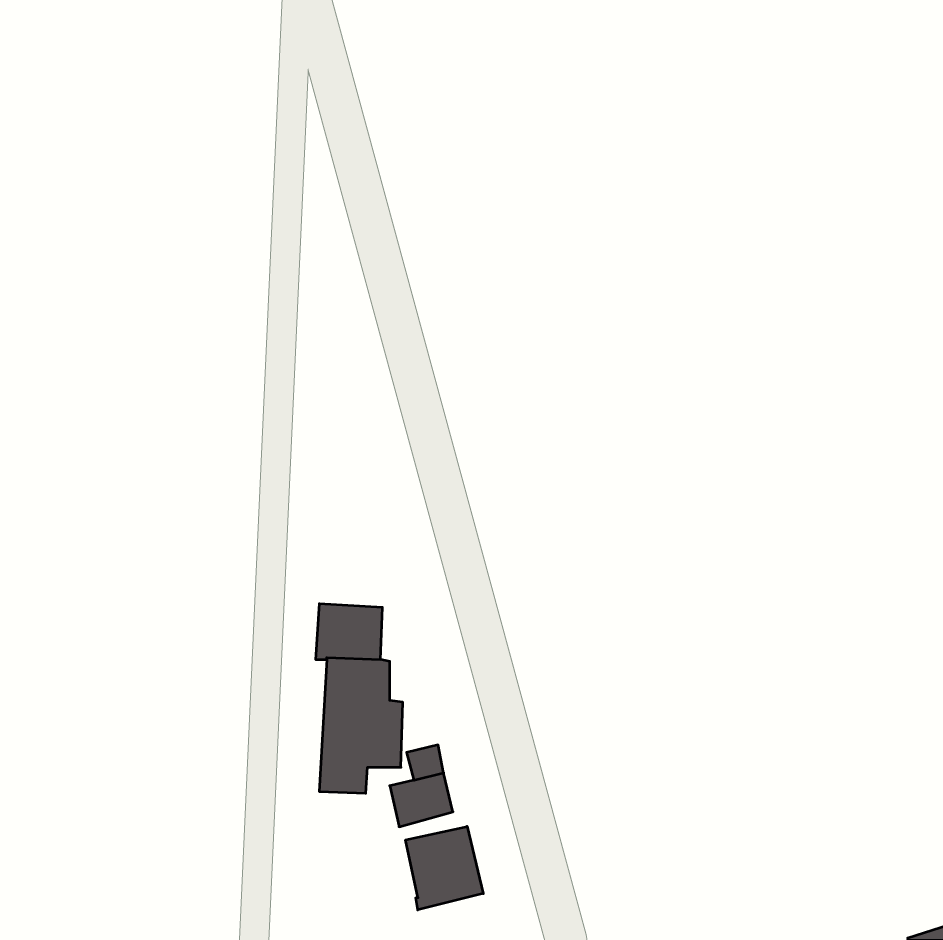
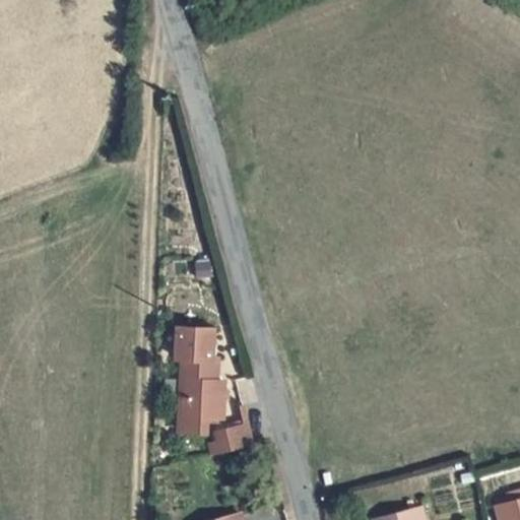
building: [406,826,483,910] -> none

